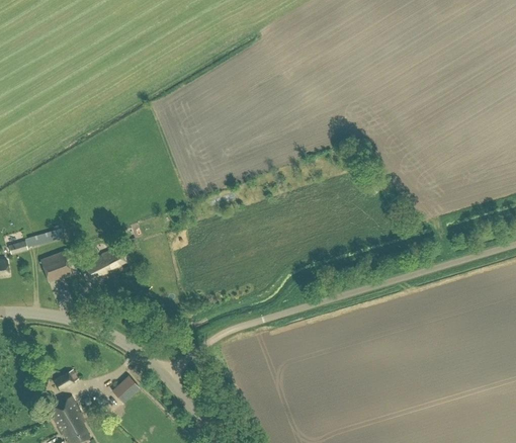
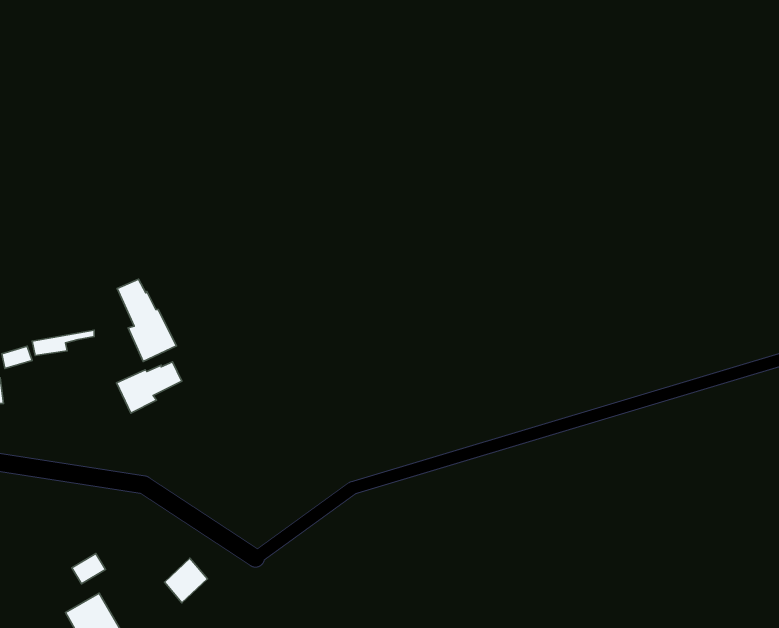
building: none -> [117,279,176,362]
building: [40,252,72,283] -> none

